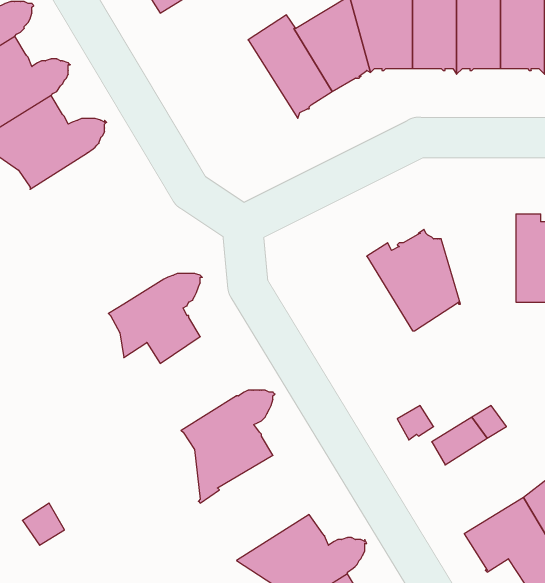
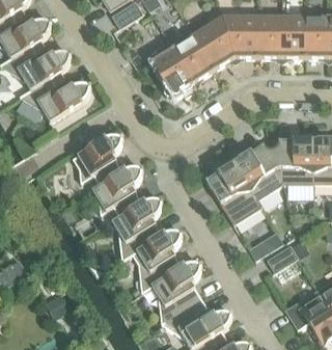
building: none -> [147,41,194,96]
building: none -> [72,135,122,184]
building: none -> [272,135,312,184]
building: none -> [204,158,261,223]
building: none -> [111,198,162,260]
building: none -> [150,262,201,323]

